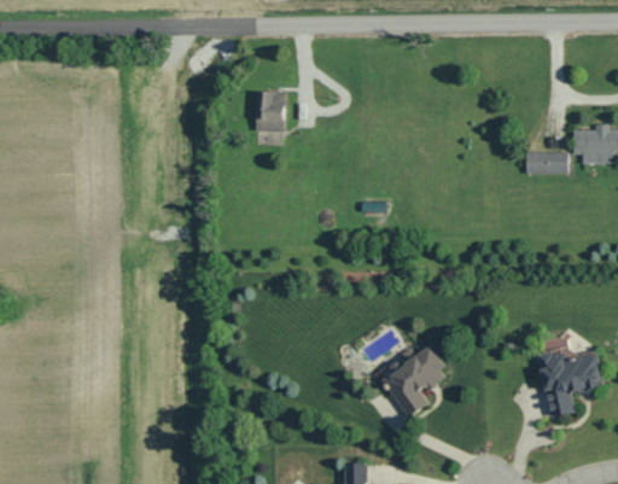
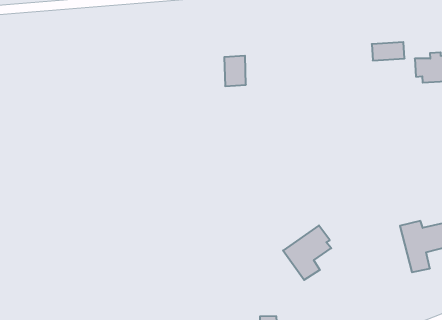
building: [255,93,284,132] -> [224,56,246,86]
building: [524,153,566,175] -> [372,42,405,60]

